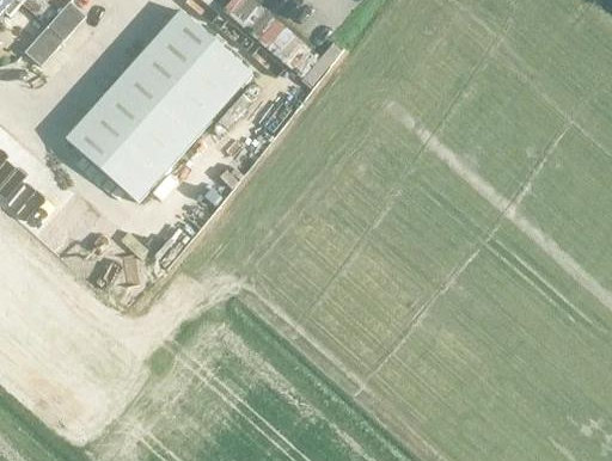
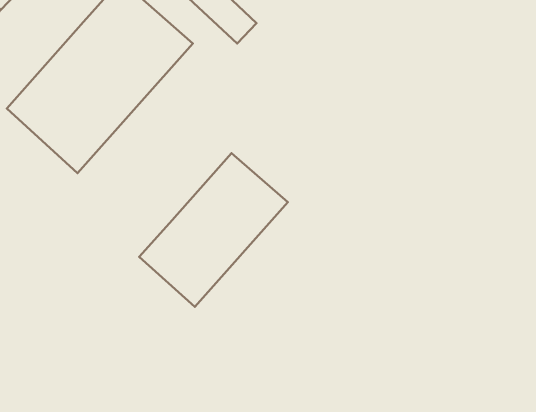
building: none -> [139,153,288,307]

